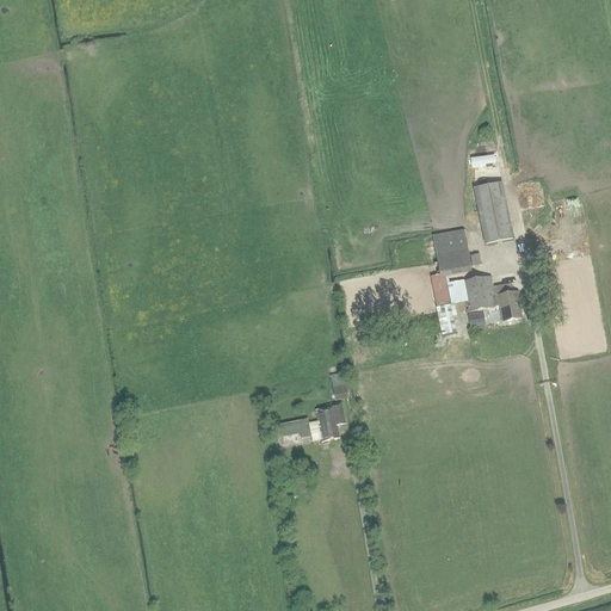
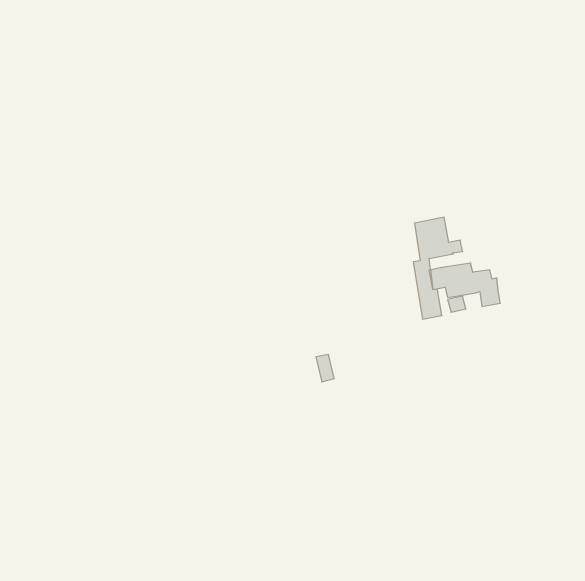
building: [474,180,514,243] -> none
building: [280,401,345,439] -> none

